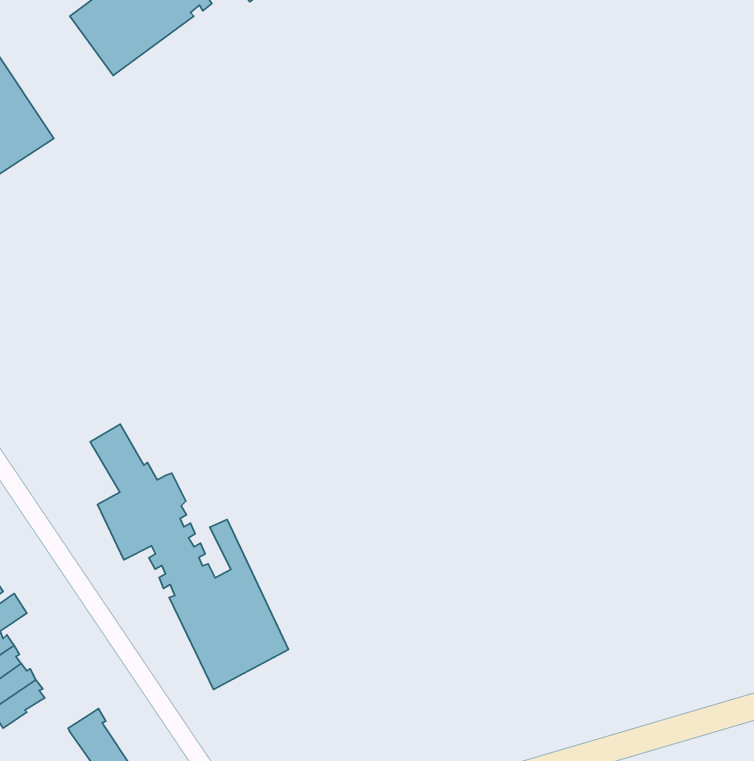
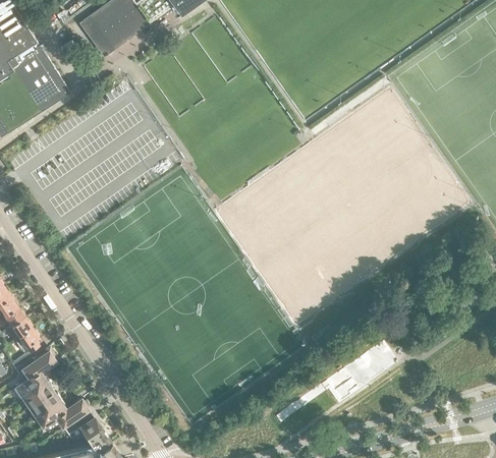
building: [90,424,288,689] -> none
building: none -> [53,399,92,437]

